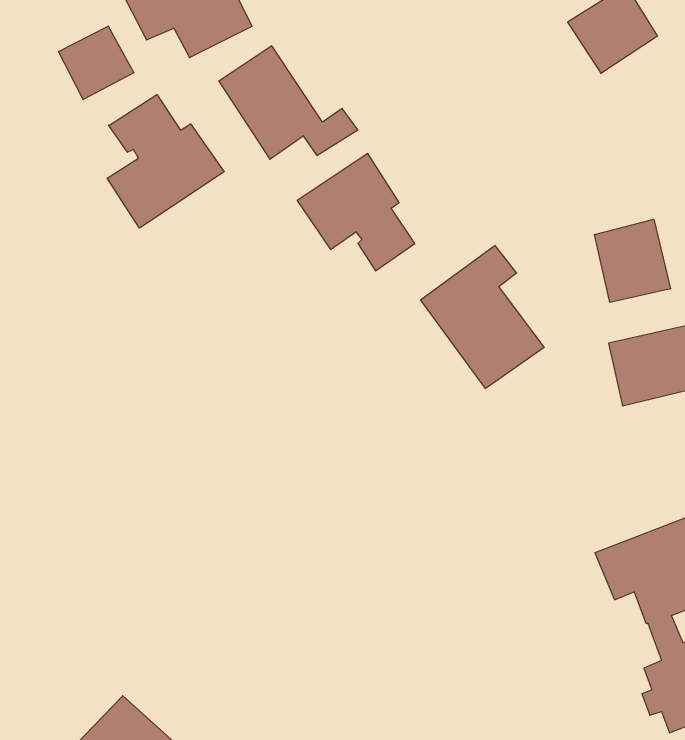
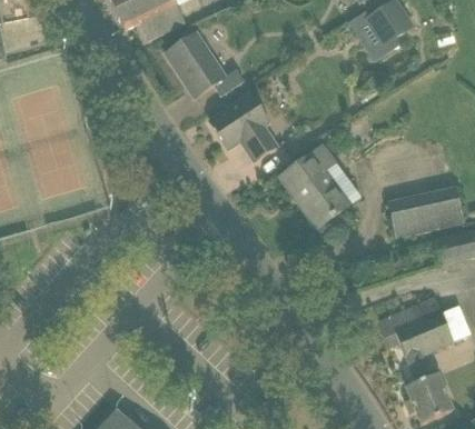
building: [59,26,134,100] -> none
building: [107,95,224,228] -> none
building: [594,219,671,302] -> none

